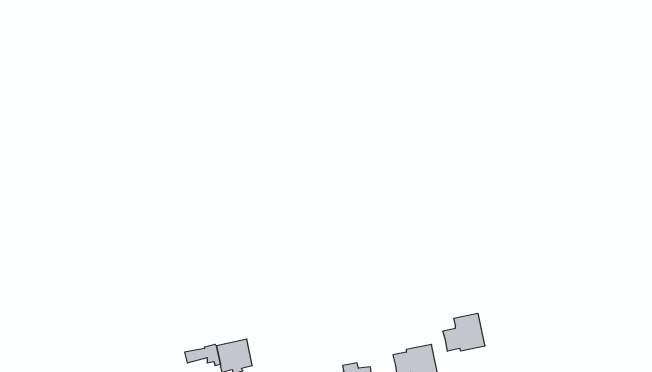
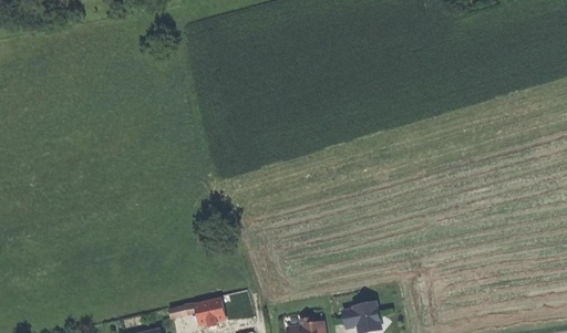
building: [443,313,485,351] -> none

